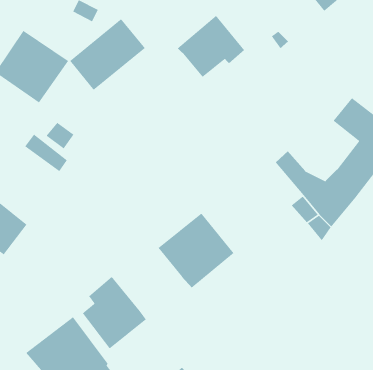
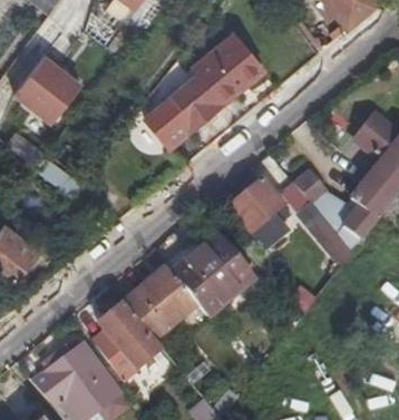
building: [69,18,146,91] -> [144,72,224,148]
building: none -> [230,182,291,252]
building: none -> [124,268,197,341]

